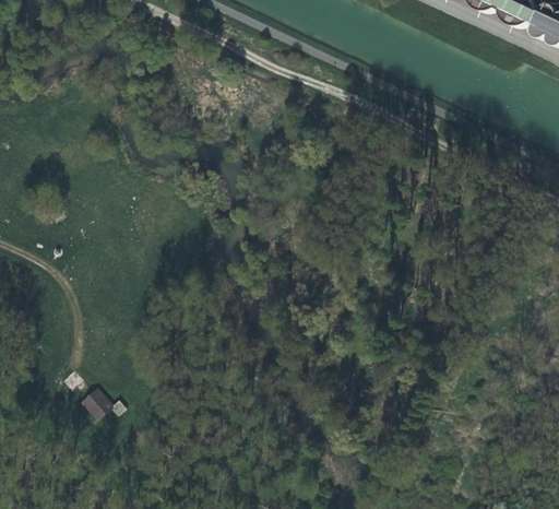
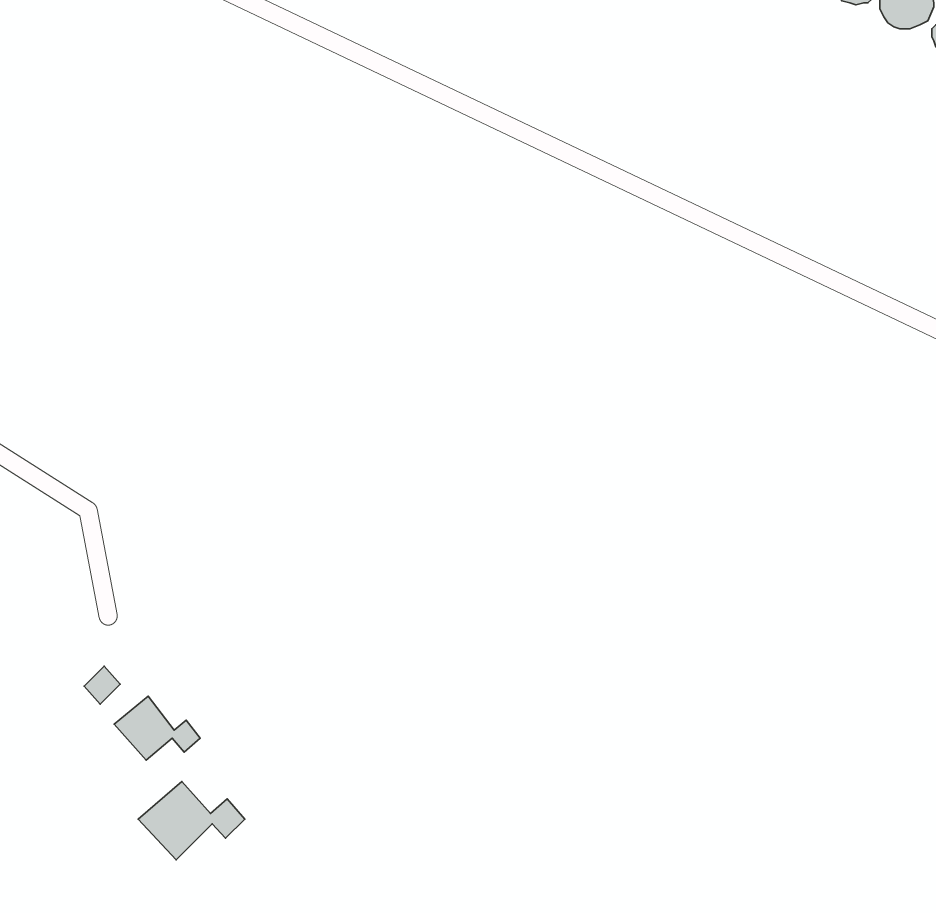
building: none -> [138,782,245,860]

